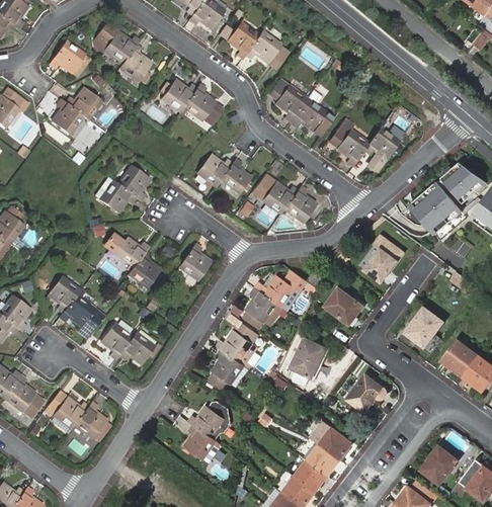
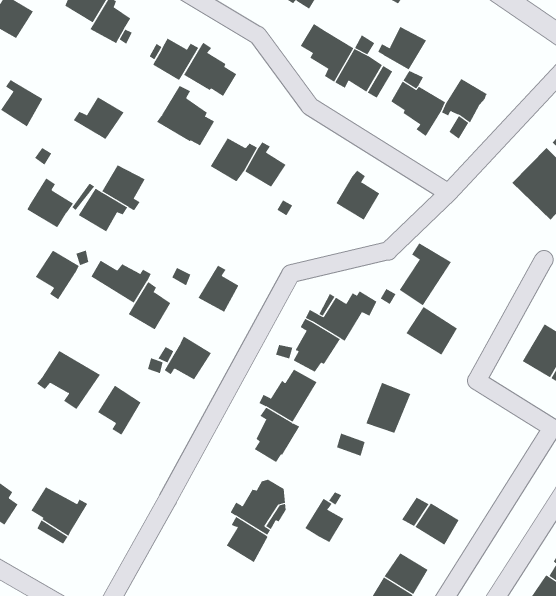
building: none -> [378,26,427,70]
building: [64,87,101,118] -> [73,97,125,140]
building: none -> [156,85,215,146]
building: none -> [27,177,74,228]
building: [252,173,297,214] -> none
building: [364,236,404,281] -> [399,242,452,306]
building: [48,277,80,314] -> [35,250,79,300]
building: [119,333,155,365] -> [164,336,212,380]
building: [347,374,386,412] -> none
building: [74,403,106,439] -> none
building: none -> [305,498,344,543]
building: [307,444,339,476] -> none

